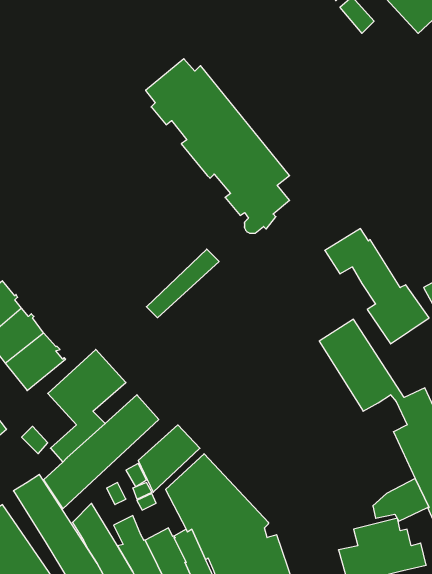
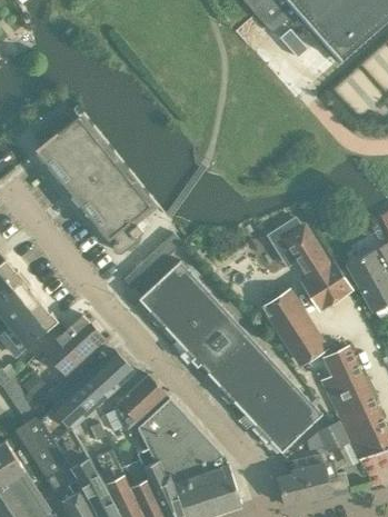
building: [146,59,290,233] -> [31,111,148,252]
building: none -> [138,261,322,453]

